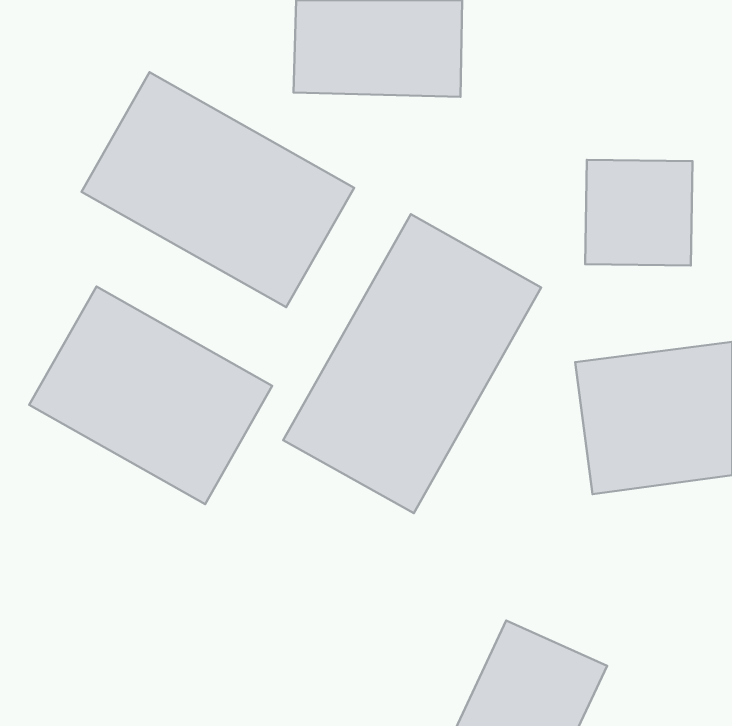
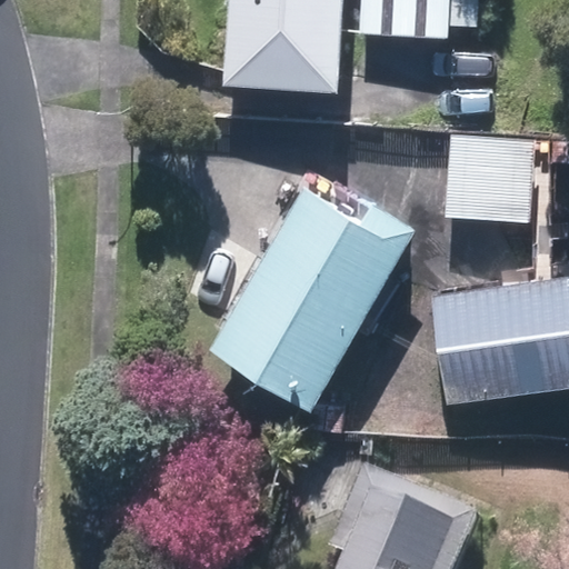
building: [81,72,354,307] -> none
building: [29,287,272,504] -> none

